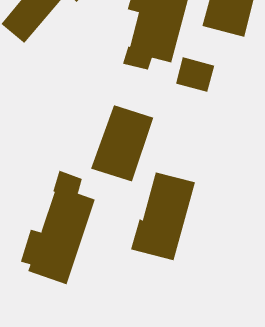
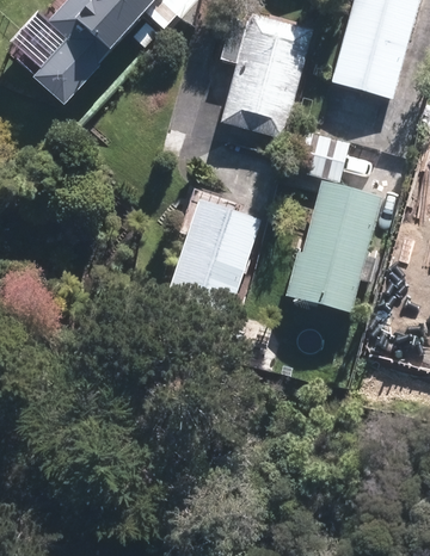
building: [20,170,96,285] -> none
building: [130,172,196,261] -> [283,179,381,311]

